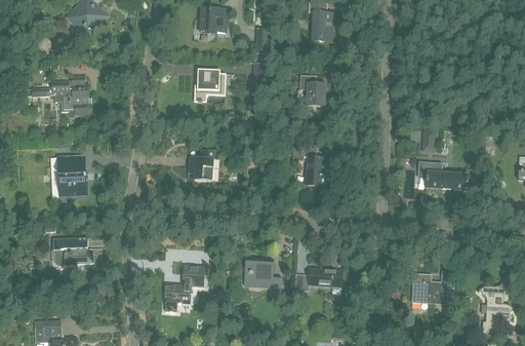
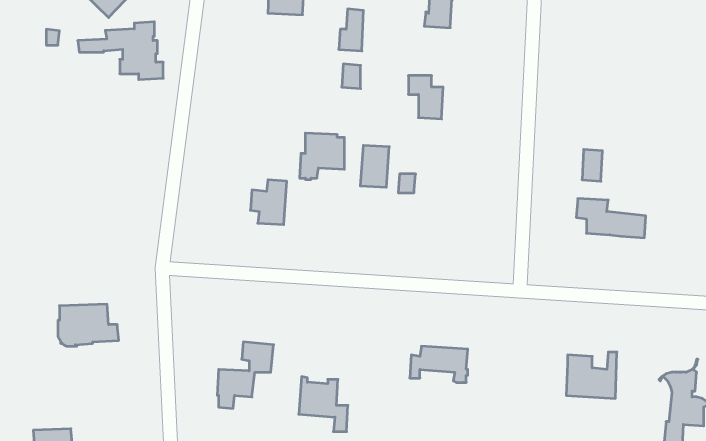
building: [193,70,225,103] -> [300,133,344,179]
building: [31,74,91,115] -> [78,22,163,80]
building: [52,155,88,197] -> none
building: [306,156,326,186] -> [360,145,389,187]
building: [244,256,279,295] -> [299,377,348,432]

